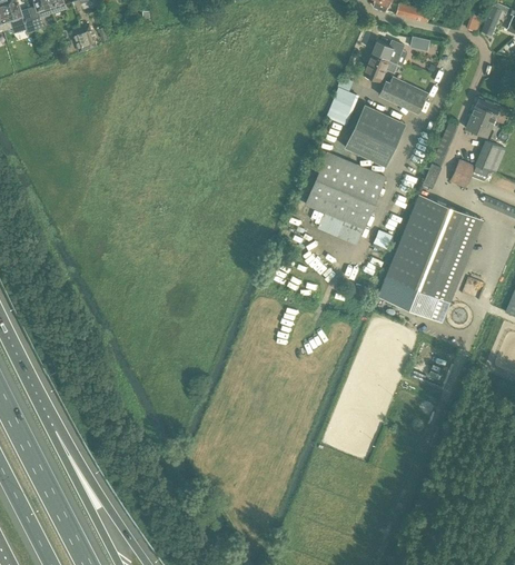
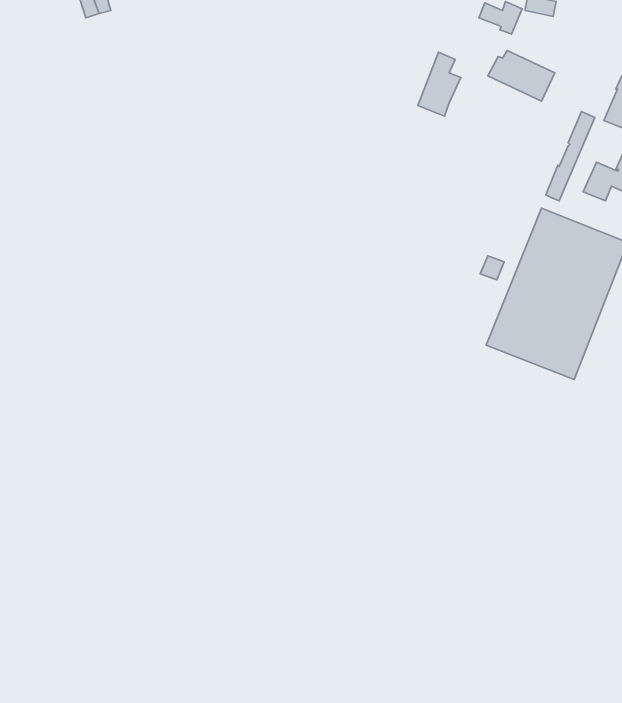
building: [363,52,397,82] -> none
building: [344,105,405,168] -> none
building: [304,152,386,246] -> none

